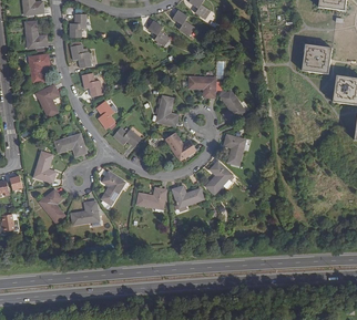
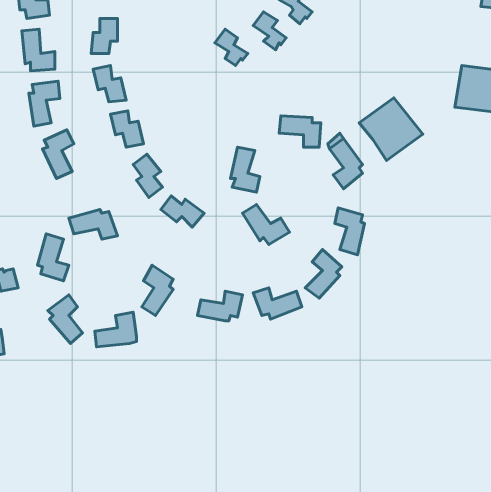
building: none -> [359,98,423,160]

